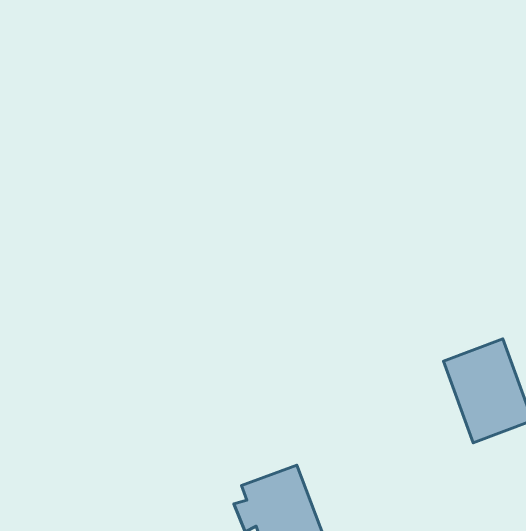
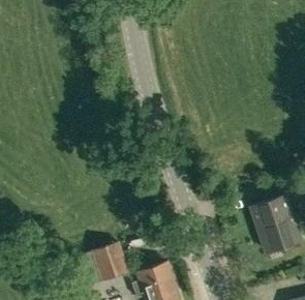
building: none -> [94,244,129,281]

